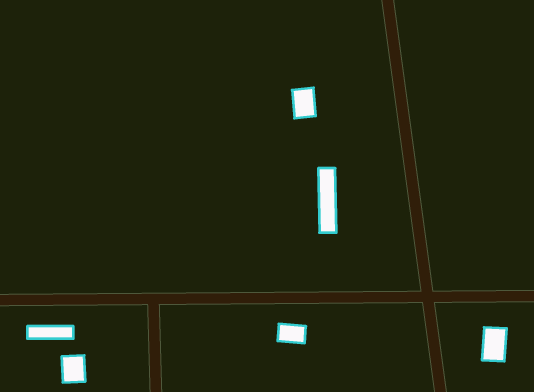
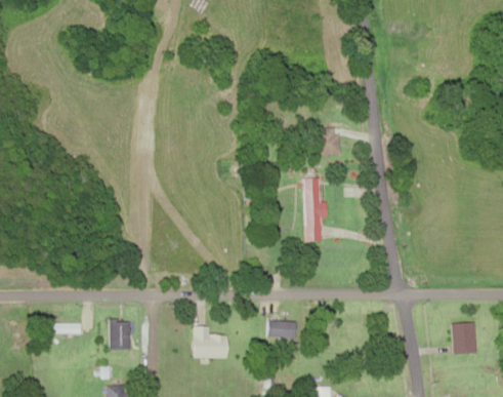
building: [292,88,316,118] -> [316,130,337,158]
building: none -> [194,336,223,357]
building: [62,355,85,382] -> [109,323,130,348]

